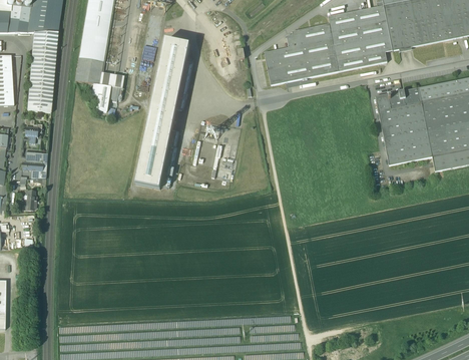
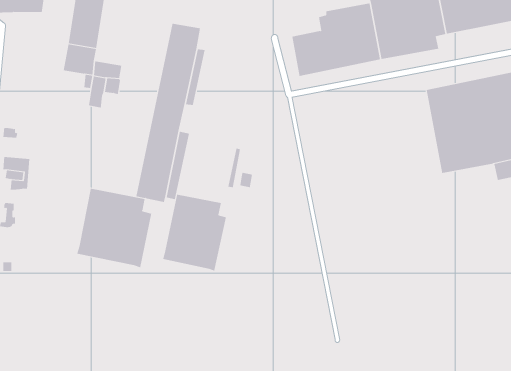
building: [28,31,58,112] -> none
building: none -> [77,188,152,268]
building: none -> [162,194,226,272]

